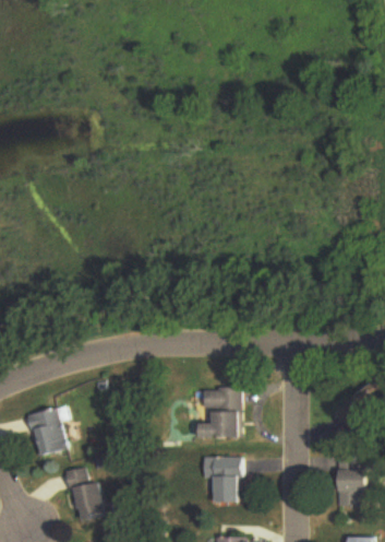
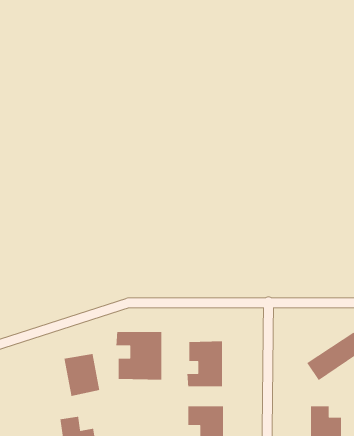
building: none -> [115,331,162,381]
building: [27,410,67,457] -> [64,353,100,397]

